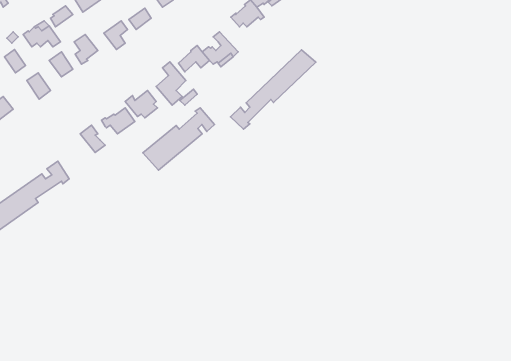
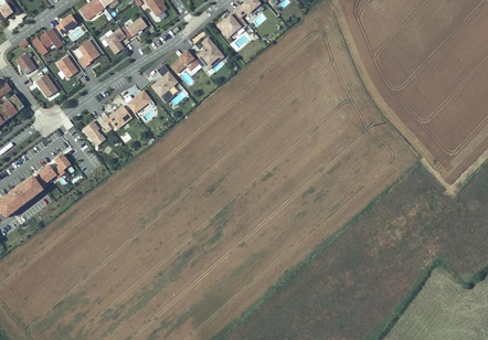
building: [230,50,316,129] -> none
building: [143,108,215,170] -> none

